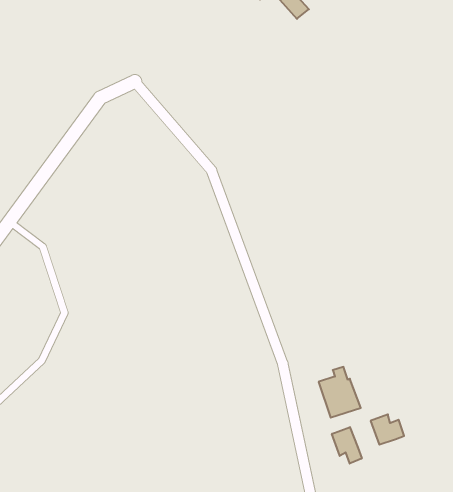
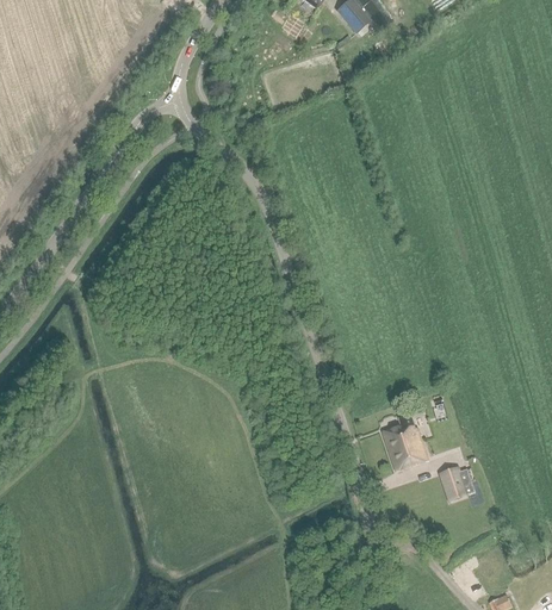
building: [332,427,362,464] -> none

